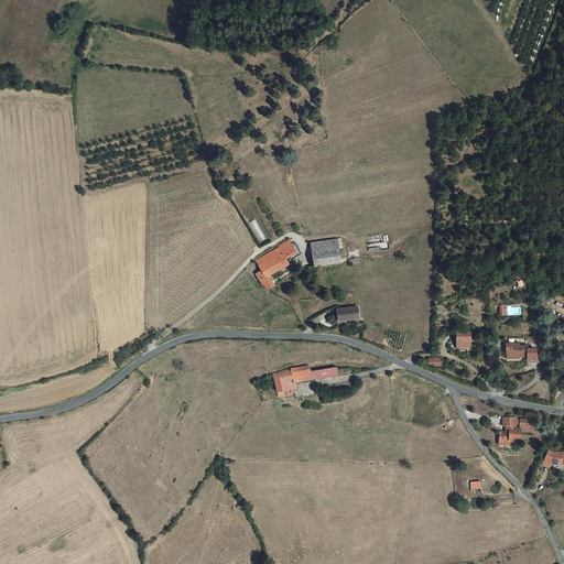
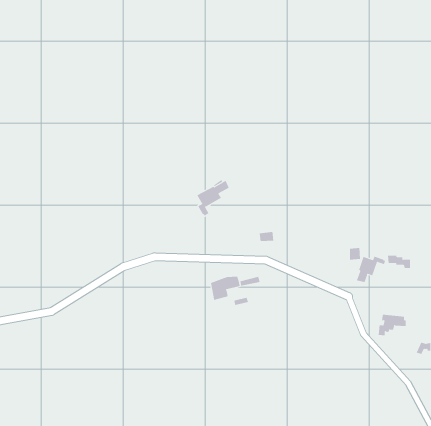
building: [311,237,340,265] -> none
building: none -> [356,256,386,283]

